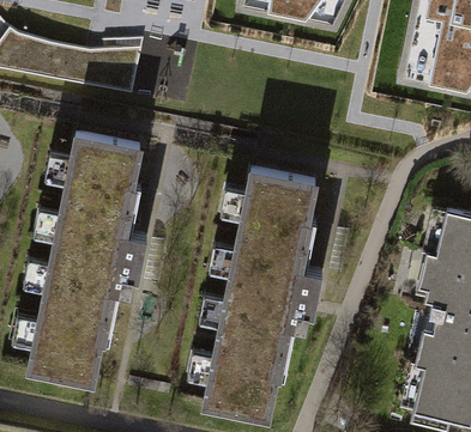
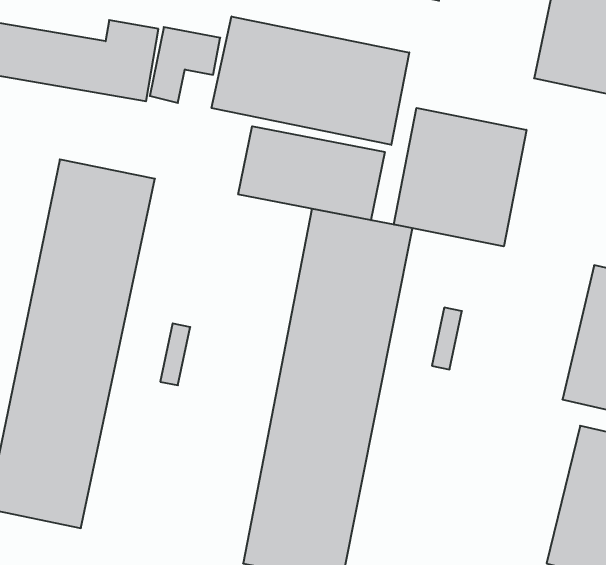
building: none -> [212,16,409,145]
building: none -> [394,108,526,246]
building: none -> [238,126,385,220]

